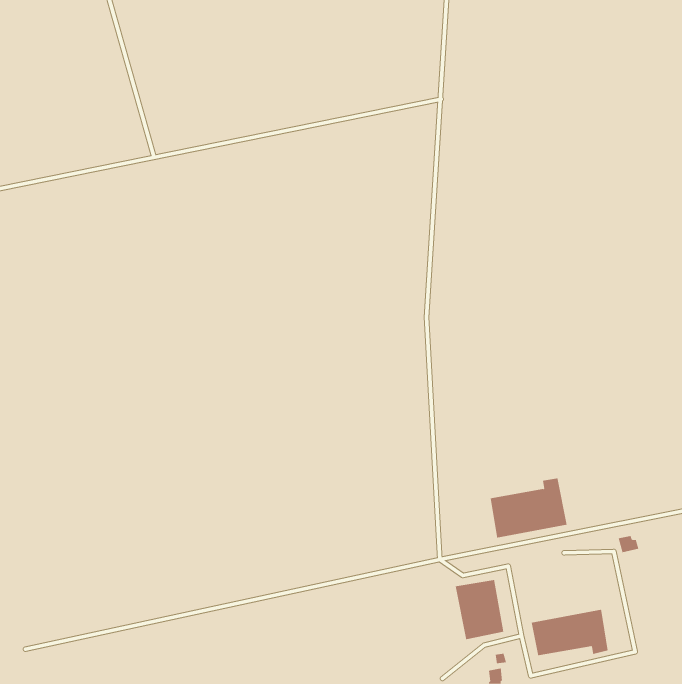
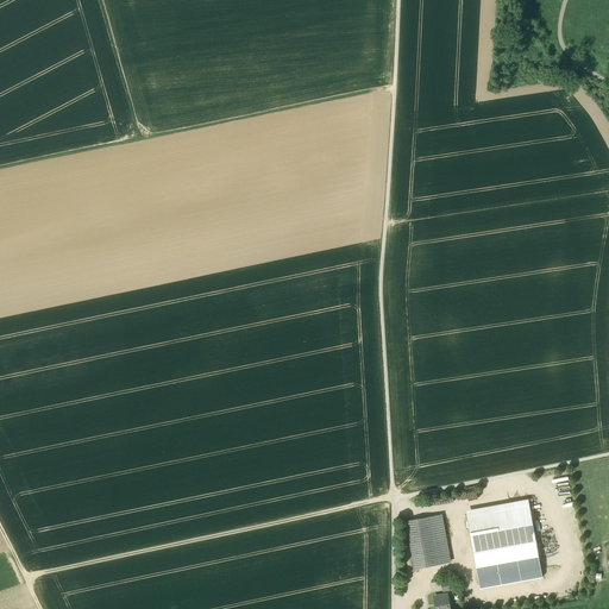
building: [490,478,567,538] -> [466,500,535,553]

